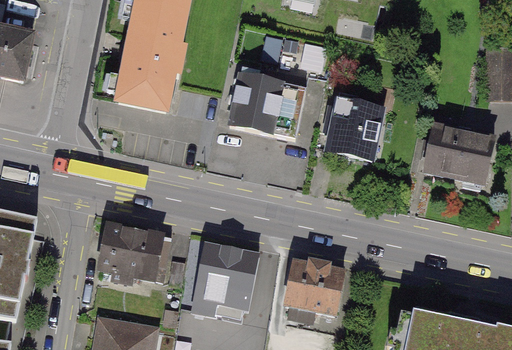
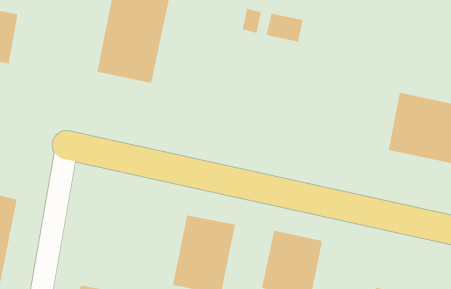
building: [226,68,304,137] -> none
building: [320,94,389,165] -> none
building: [98,220,166,284] -> none

